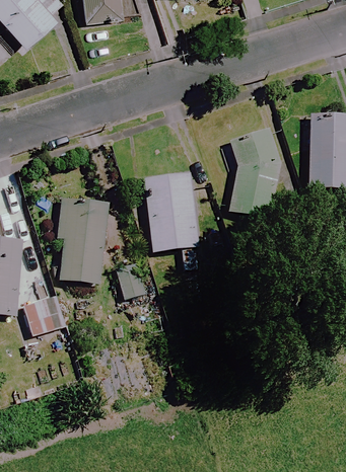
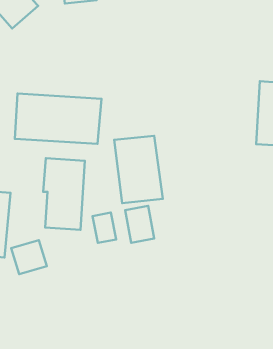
building: none -> [15,94,101,144]
building: [229,127,282,221] -> none
building: none -> [125,206,154,243]

